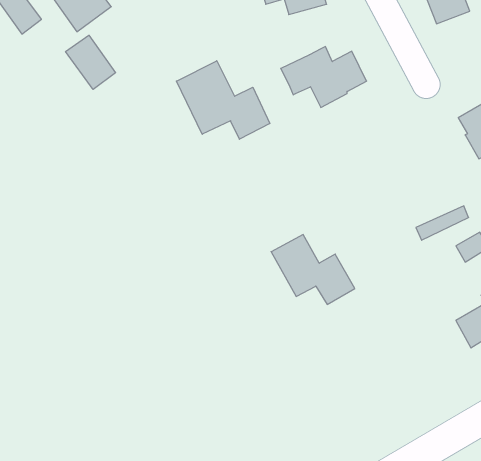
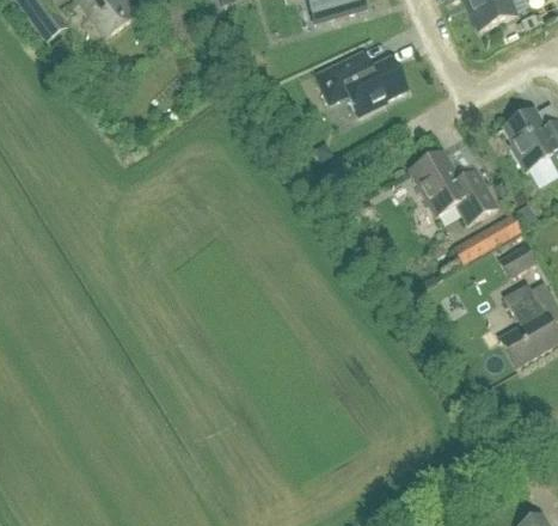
building: [66,35,116,89] -> none
building: [176,61,270,139] -> none
building: [271,235,355,304] -> [409,149,496,222]

